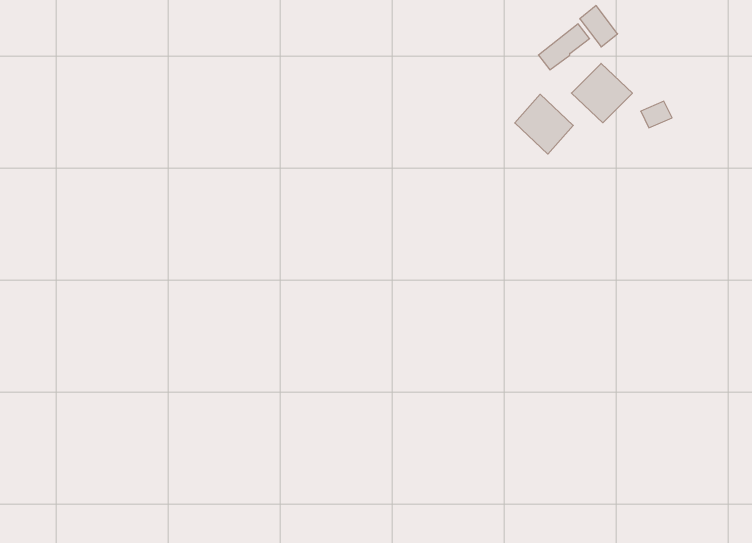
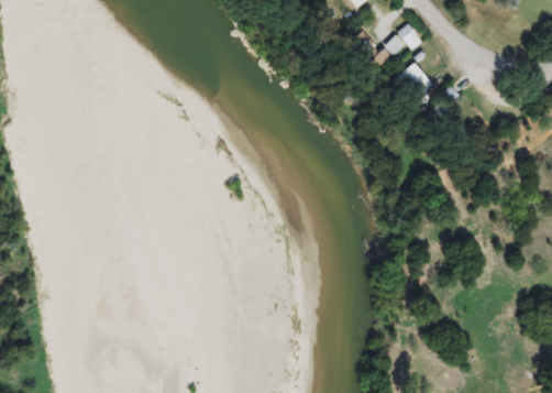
building: [515,94,573,154] -> none

